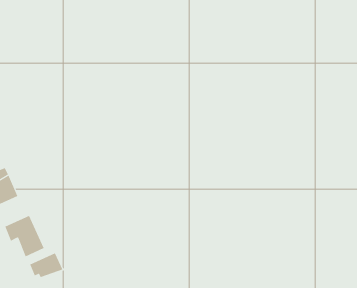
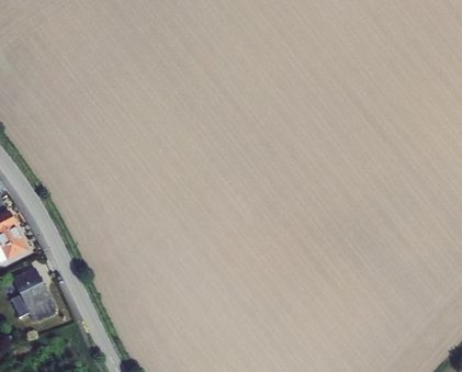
building: [30,253,63,278] -> none

